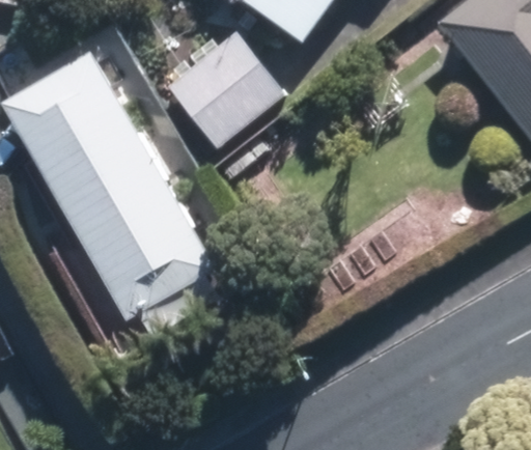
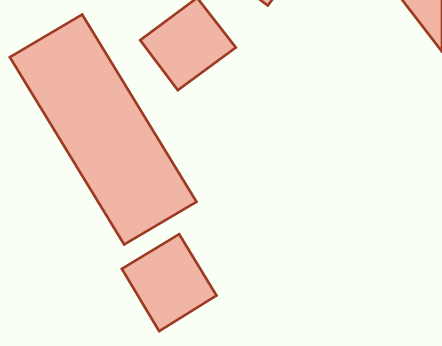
building: none -> [122,234,217,331]

